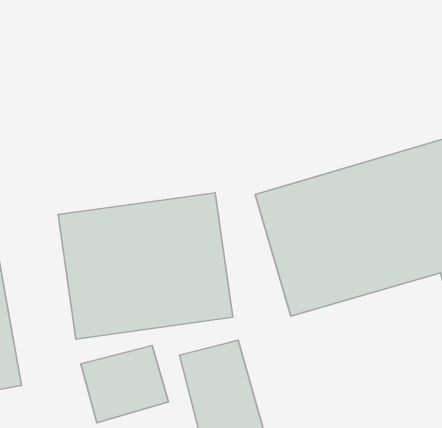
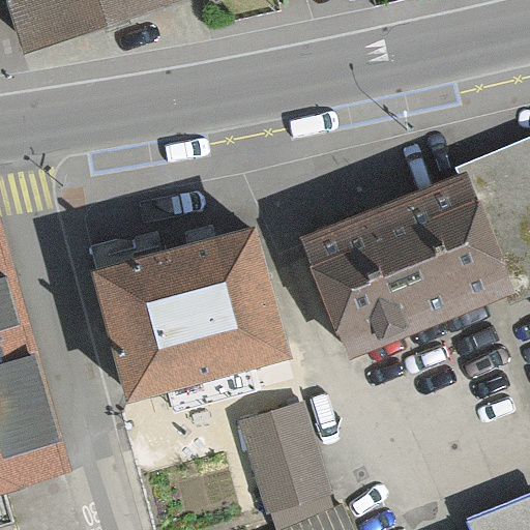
building: [81,345,168,423] -> none

